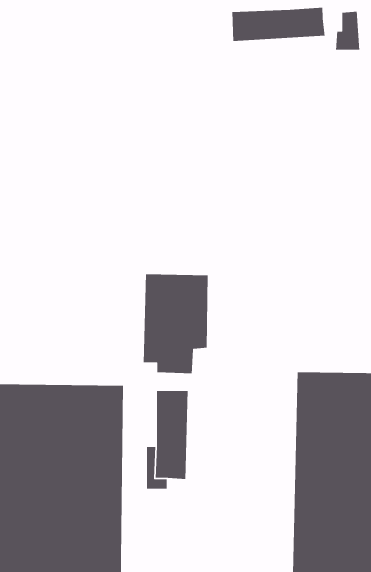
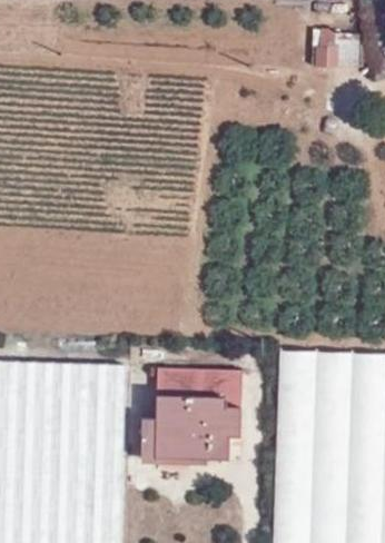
building: [231,7,325,42] -> none
building: [143,273,209,374] -> [180,369,239,460]

